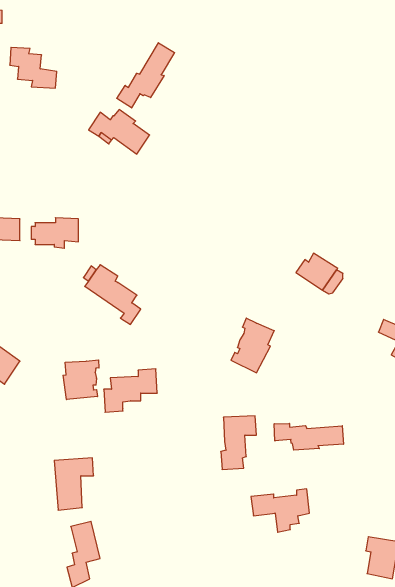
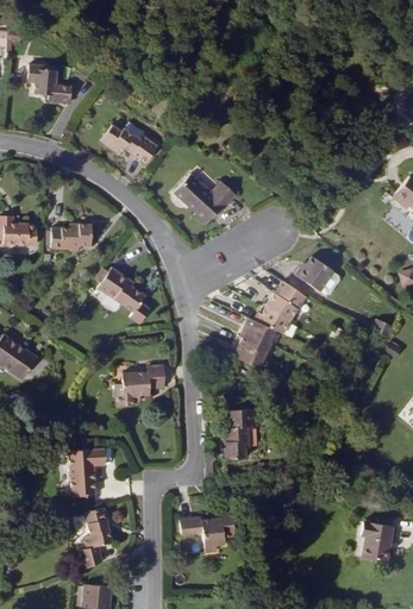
building: [117,43,175,108] -> none
building: none -> [174,174,237,225]
building: none -> [258,282,306,334]
building: [63,360,99,400] -> none
building: [274,423,343,450] -> none
building: [251,489,309,532] -> [180,513,234,553]

